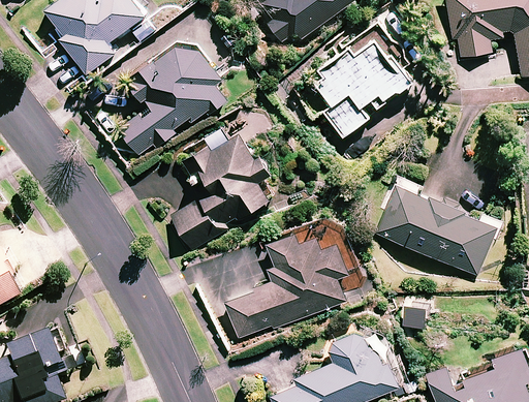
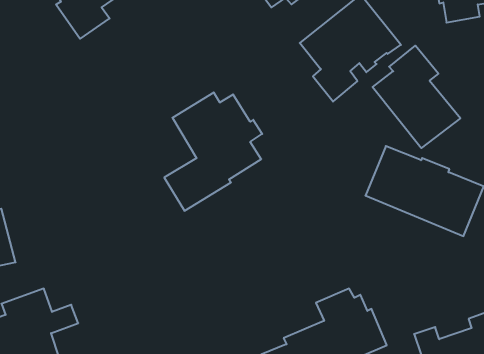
building: [119,41,225,156] -> none
building: none -> [373,46,460,148]
building: [224,230,348,339] -> none

